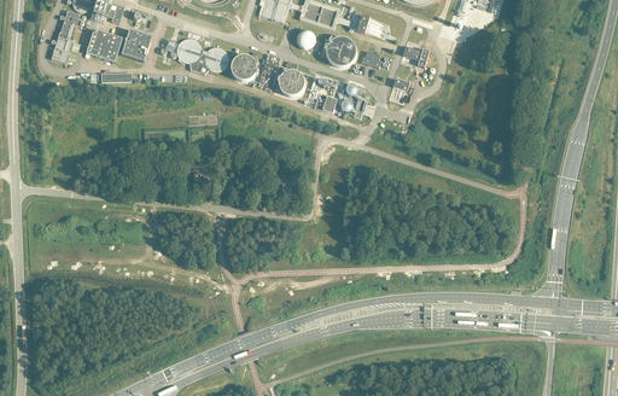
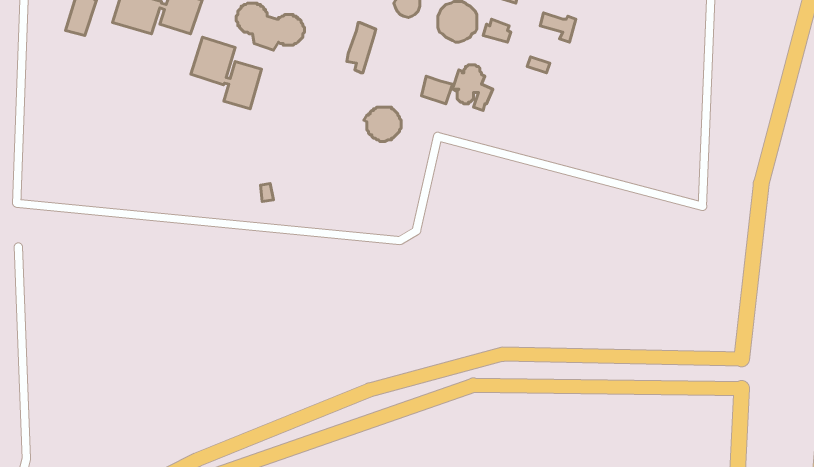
building: [231,56,257,81] -> none
building: none -> [191,37,262,109]
building: [276,71,304,97] -> [364,107,401,141]

